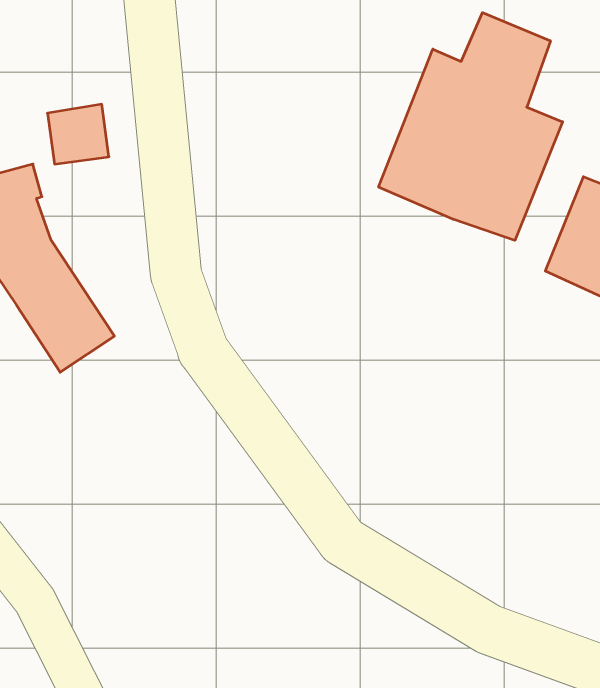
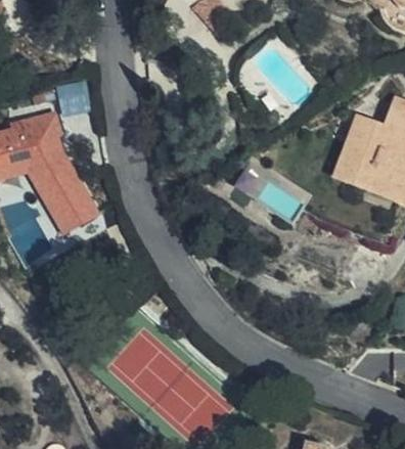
building: [379,13,563,240] -> none

